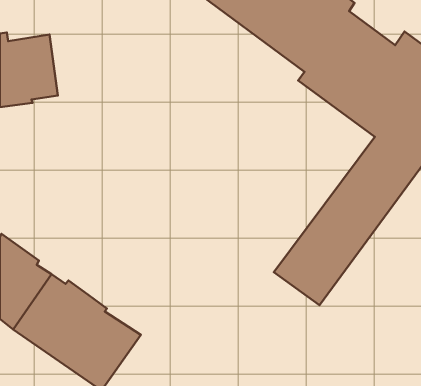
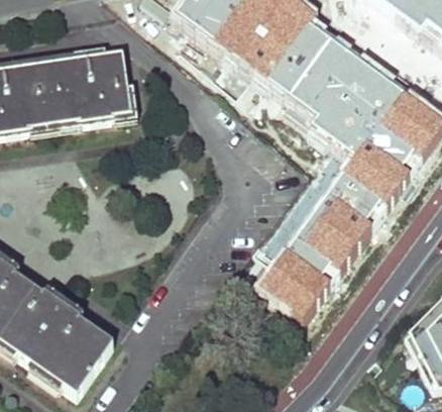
building: none -> [47,45,131,121]

